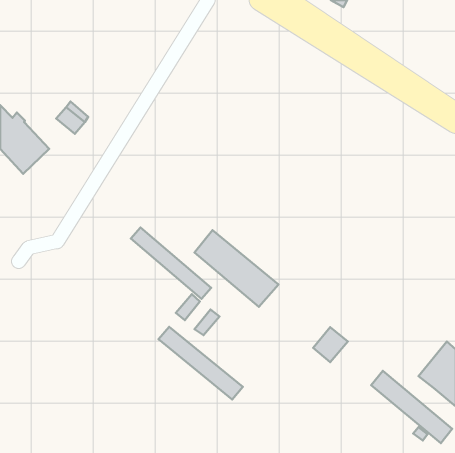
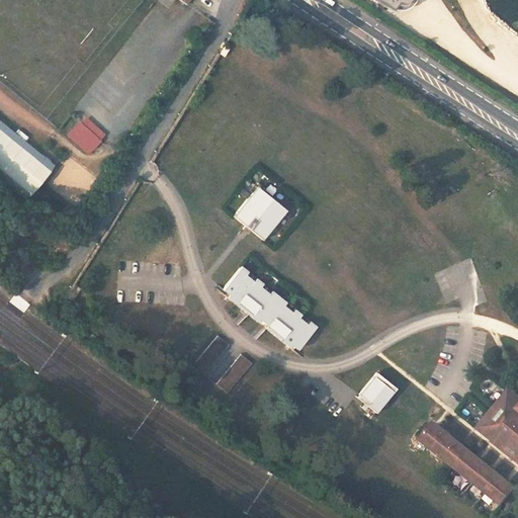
building: none -> [235,185,288,238]
building: [131,228,211,299] -> none
building: [158,327,243,400] -> none

